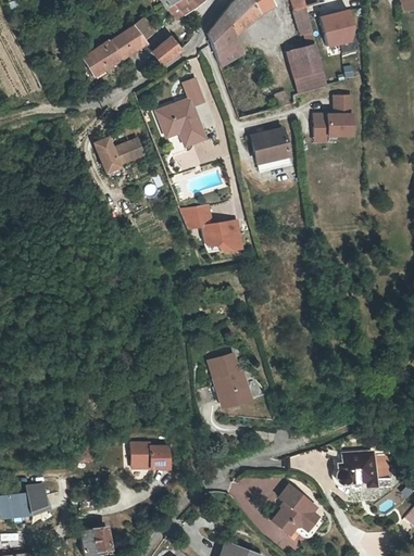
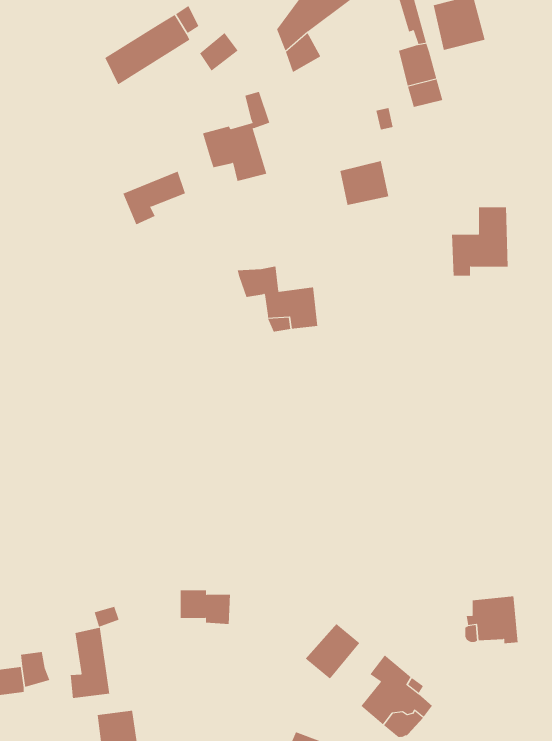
building: [314,94,355,144] -> [451,207,508,276]
building: [208,349,253,403] -> none
building: none -> [305,623,360,679]
building: none -> [70,627,110,699]

